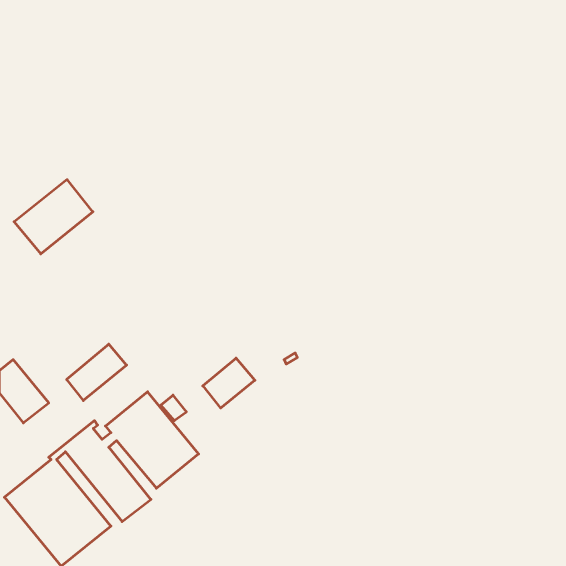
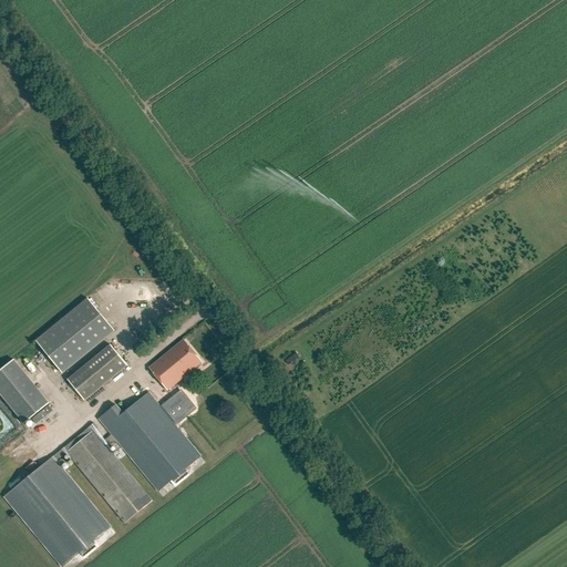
building: [14,180,93,254] -> [34,298,113,372]
building: [203,358,255,408] -> [148,340,200,390]

